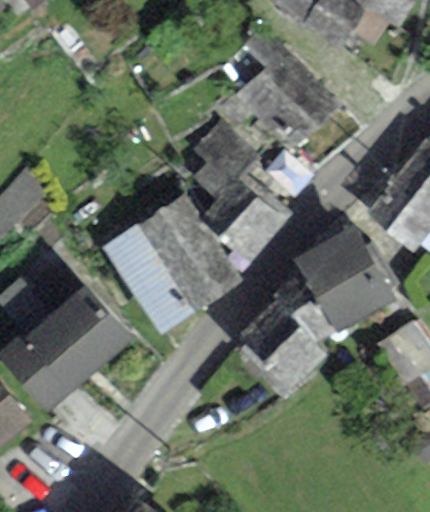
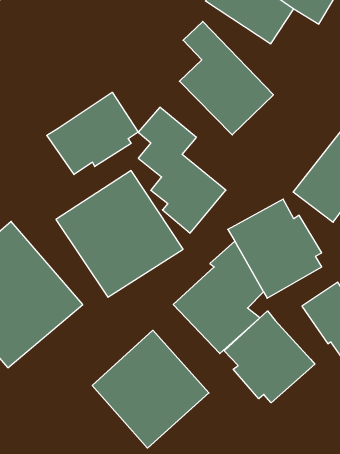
building: none -> [47,92,138,175]
building: none -> [224,311,315,403]
building: none -> [92,330,209,448]

